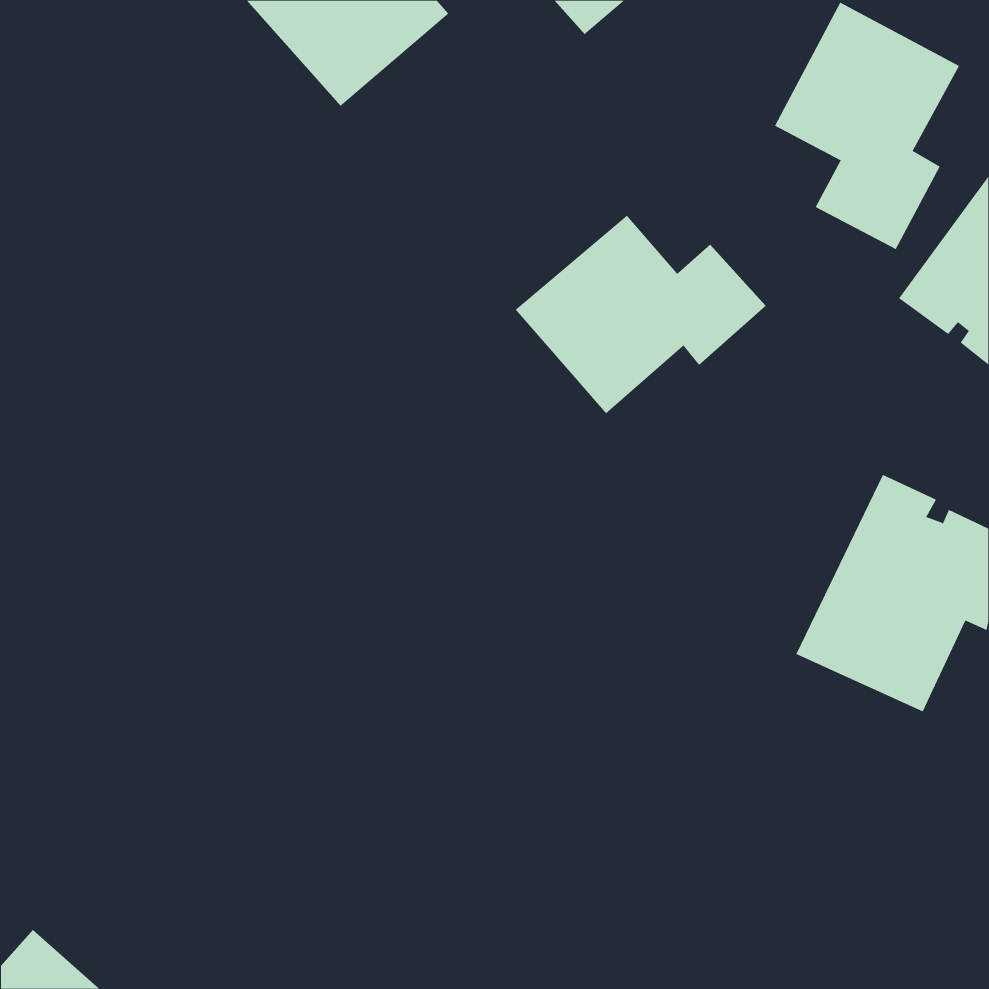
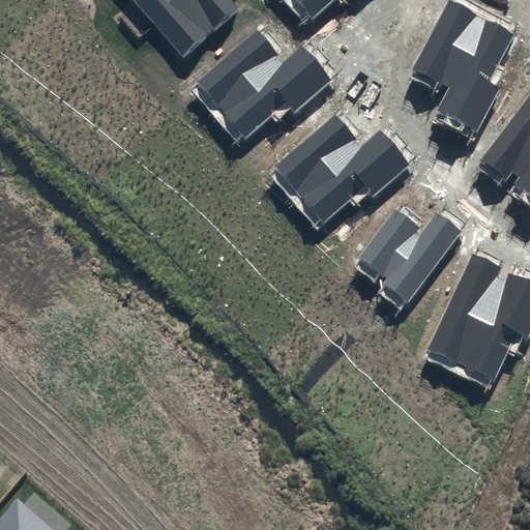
building: none -> [198,30,331,136]
building: none -> [359,208,461,301]

